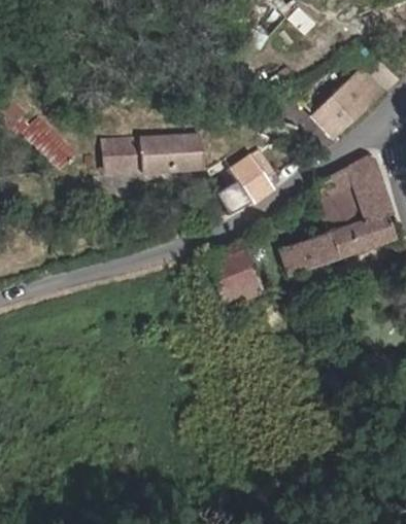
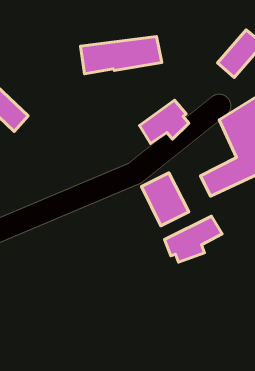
building: [103,137,202,173] -> [81,37,162,74]
building: none -> [164,216,222,262]

